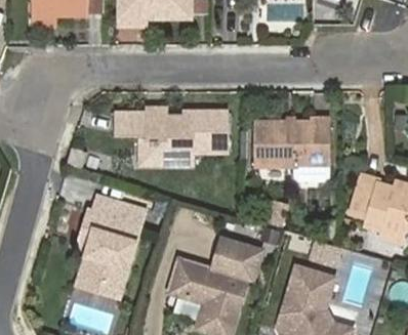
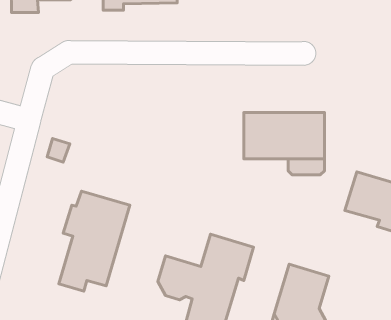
building: [114,107,229,163] -> none

